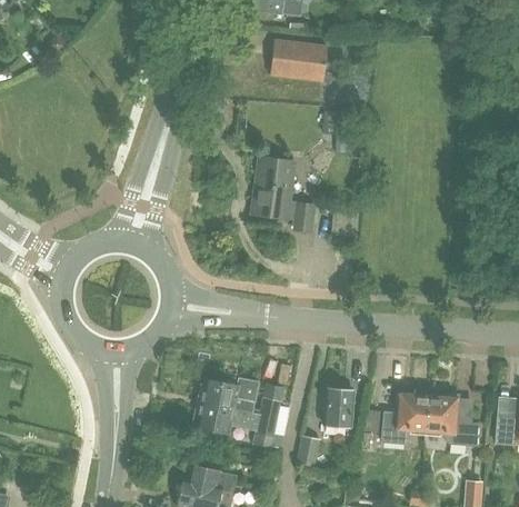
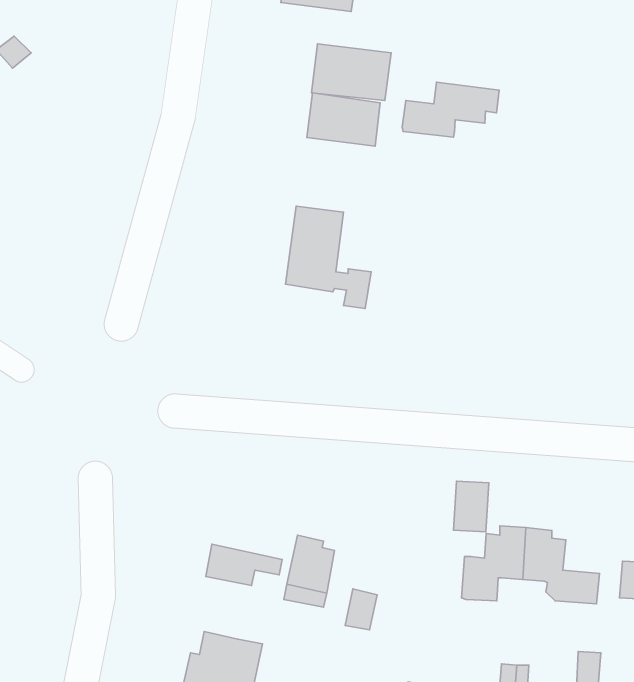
building: none -> [402,82,499,137]
building: none -> [307,93,380,146]
building: [199,377,257,414] -> none
building: [325,388,350,425] -> [454,481,489,532]

